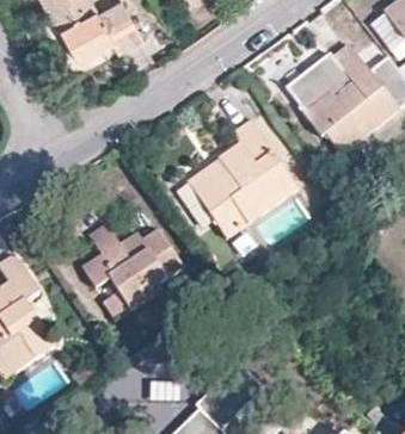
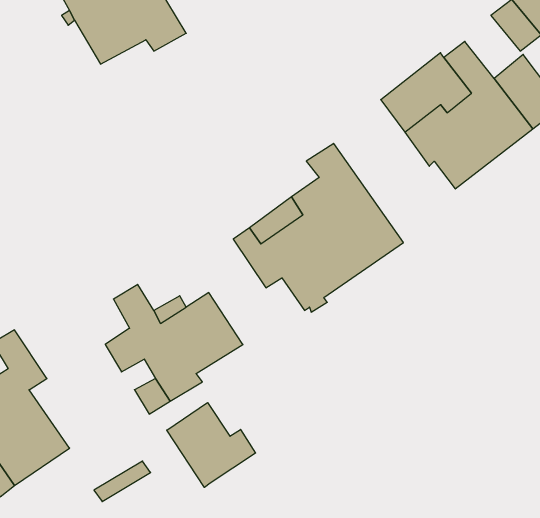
building: none -> [167,403,256,487]

